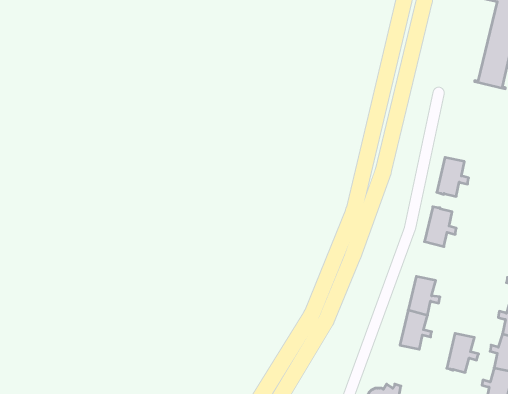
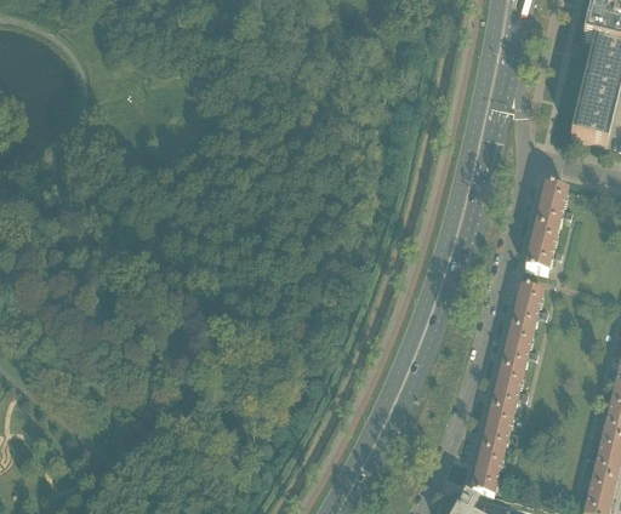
building: none -> [536,179,574,225]
building: none -> [502,320,540,366]
building: [447,333,479,372] -> [473,442,511,489]

